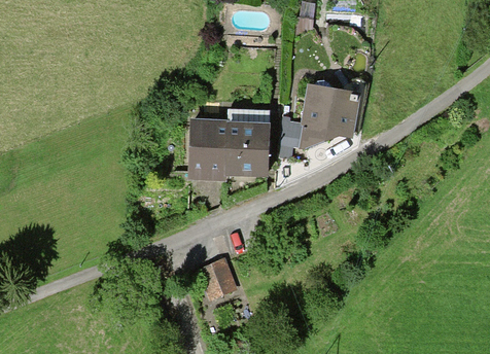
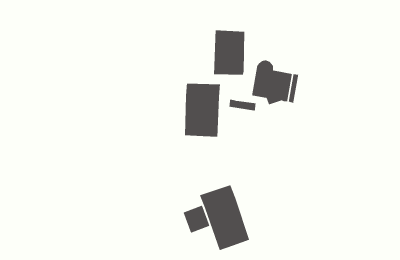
building: [187,125,225,179] -> [213,30,245,76]
building: none -> [199,184,250,251]

